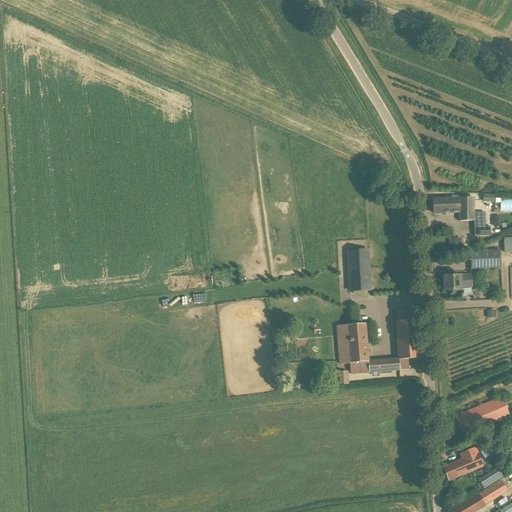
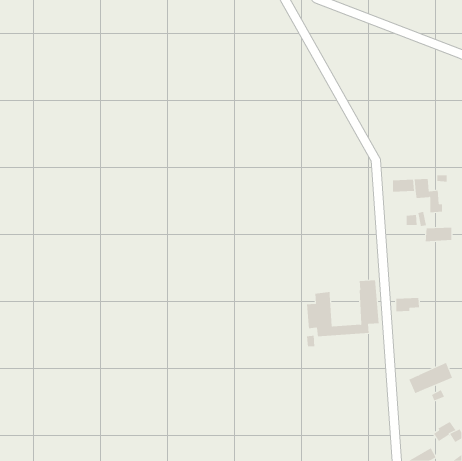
building: [348,249,370,290] -> none
building: [444,274,471,290] -> [396,297,420,312]
building: [443,447,482,479] -> none

